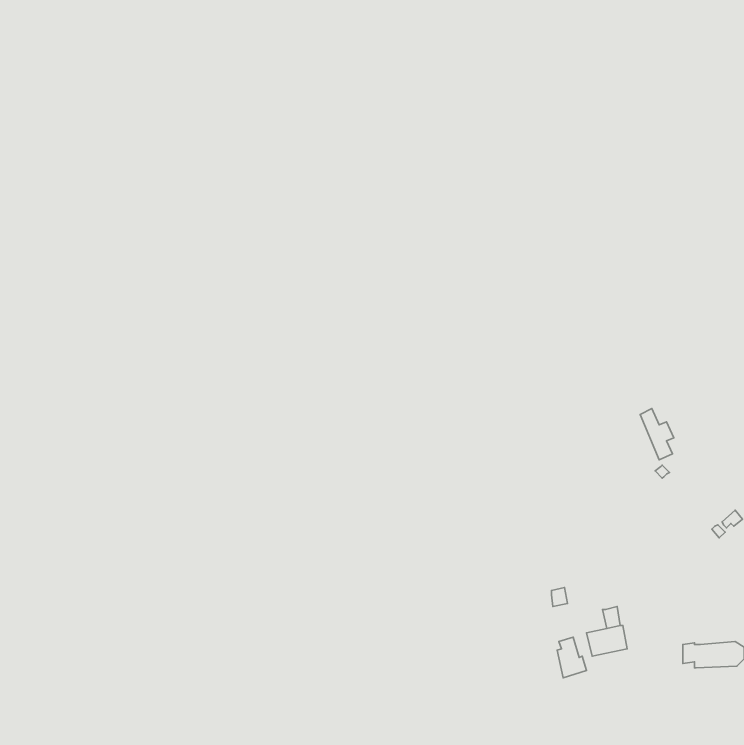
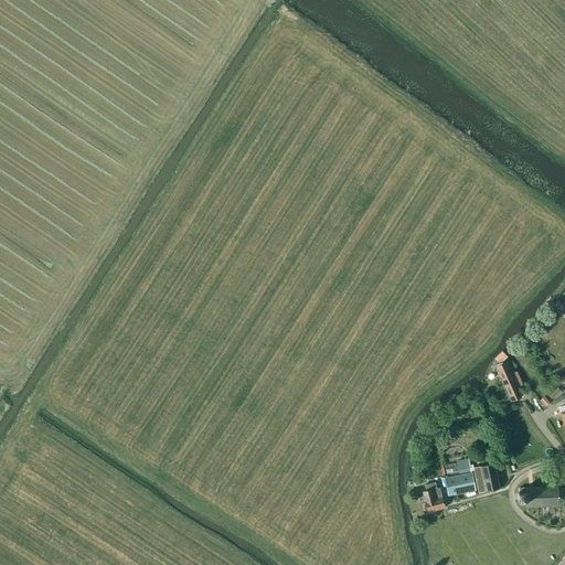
building: [640,409,674,460] -> [495,363,521,402]
building: none -> [472,463,498,493]

